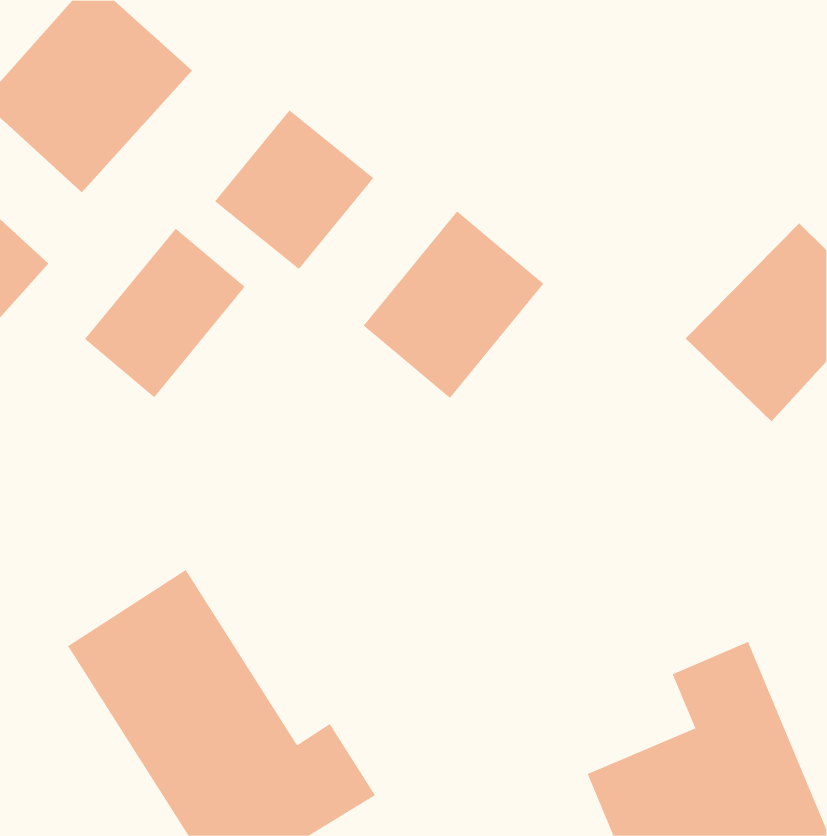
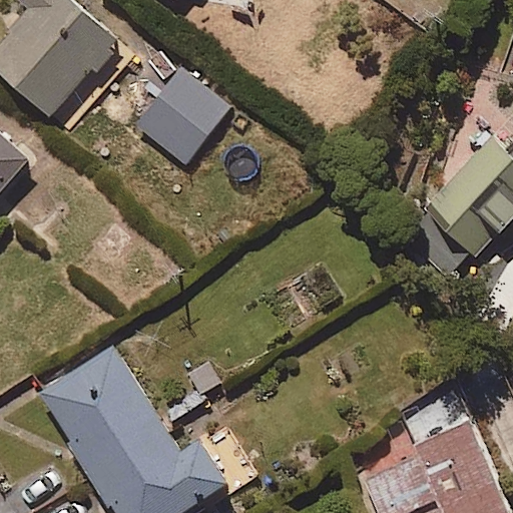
building: [363,211,544,399] -> none
building: [84,228,246,398] -> none

